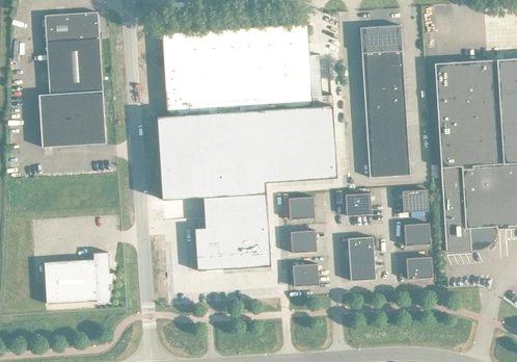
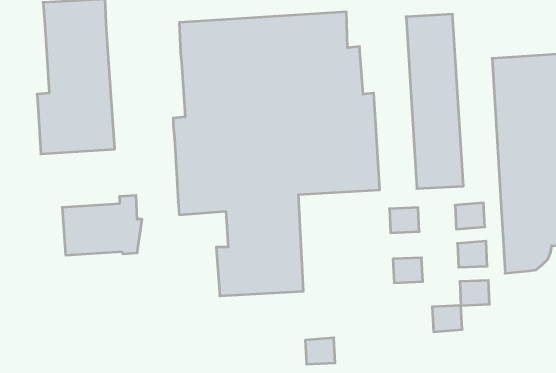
building: [289,197,315,219] -> none
building: [291,230,317,253] -> none
building: [45,252,114,304] -> [62,195,142,255]
building: [350,258,376,281] -> [432,305,462,332]
building: [293,263,319,286] -> [305,338,335,364]

